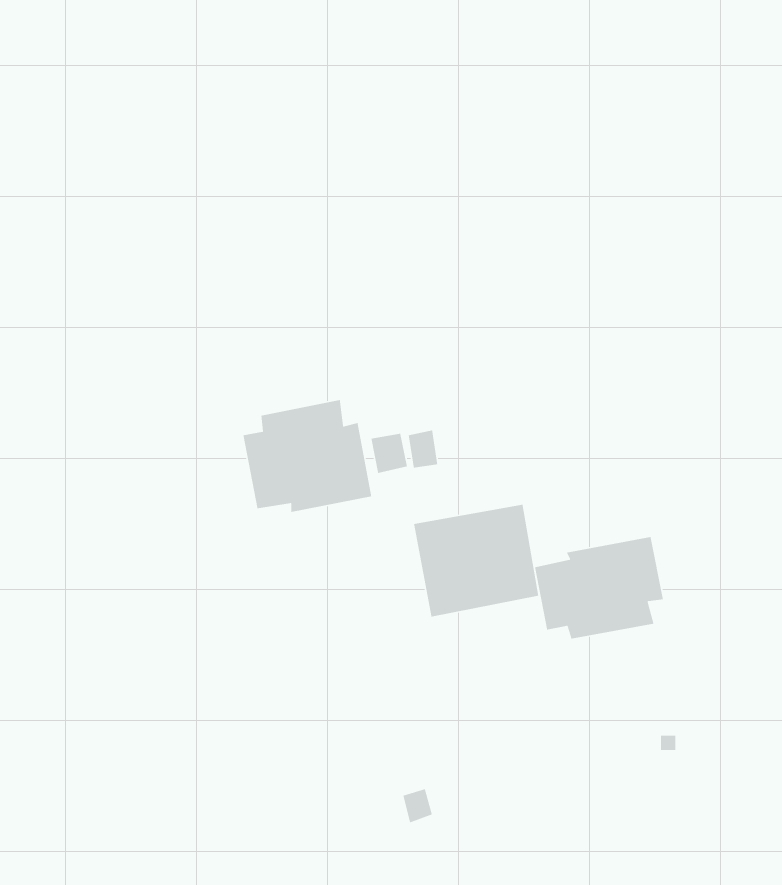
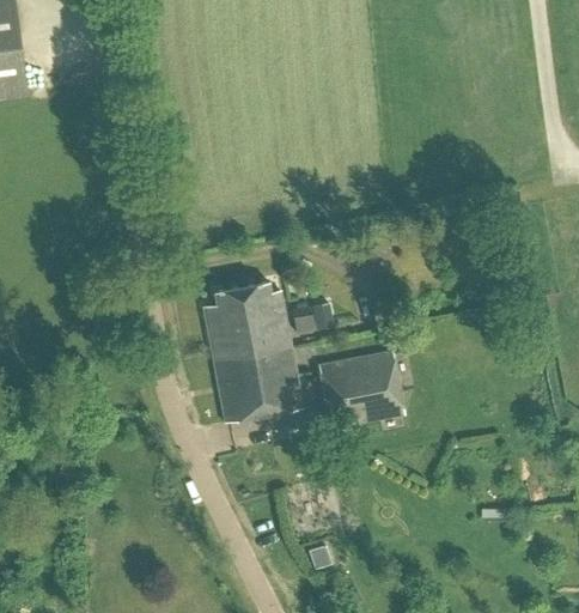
building: none -> [211,346,299,419]
building: [534,536,664,640] -> none

